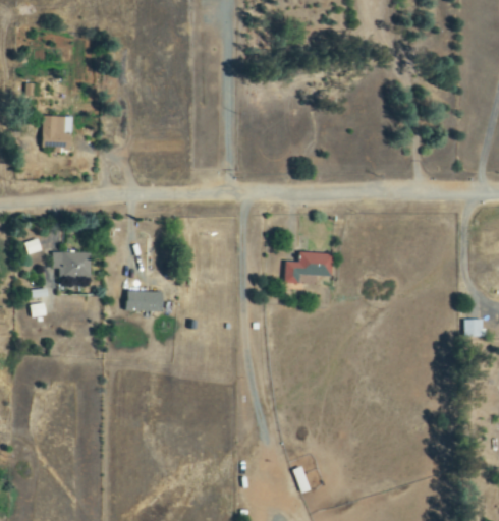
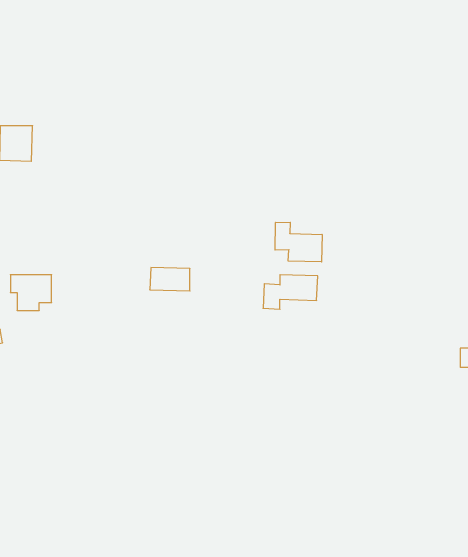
building: none -> [275,222,322,262]
building: [126,290,163,311] -> [150,268,190,291]

